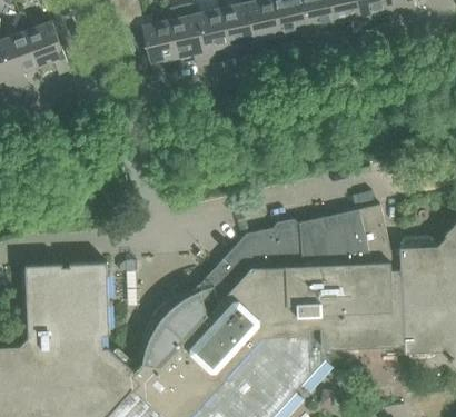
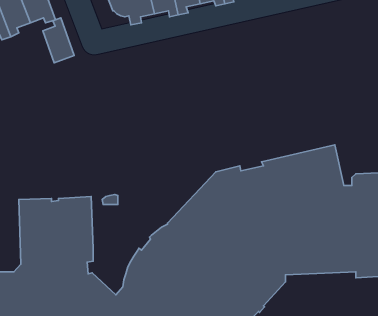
building: none -> [43,18,74,63]

